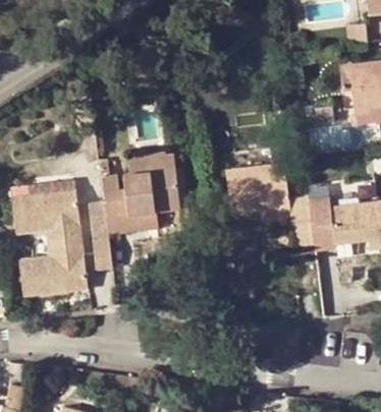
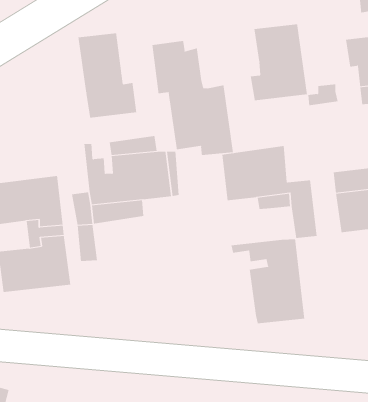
building: none -> [250,23,308,101]
building: none -> [78,33,137,118]
building: none -> [152,40,234,156]
building: none -> [231,238,305,324]

